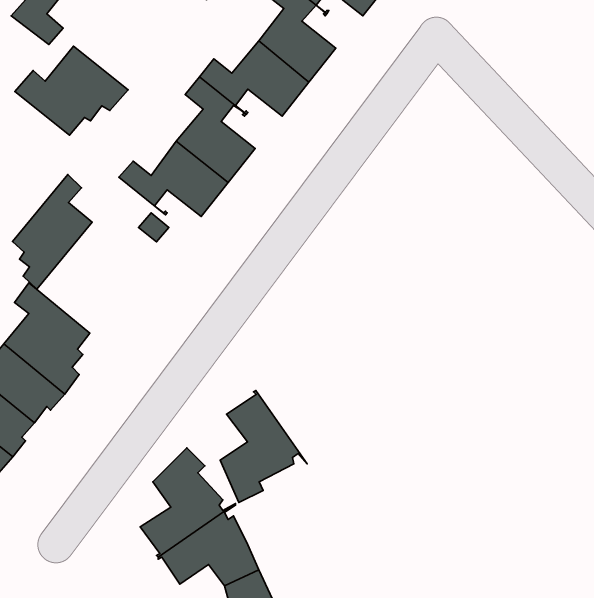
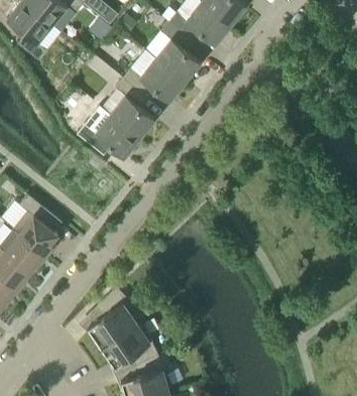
building: [15,46,128,135] -> none
building: [12,174,92,289] -> none
building: [220,391,307,502] -> none

